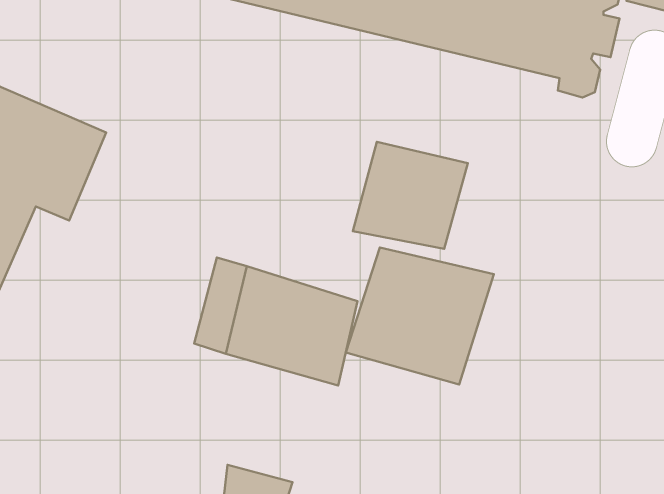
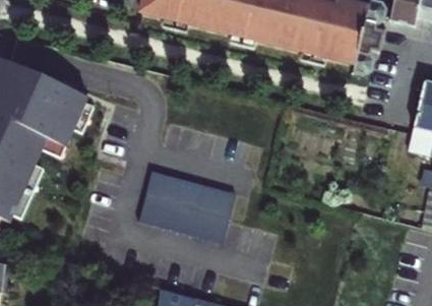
building: [353,142,468,249] -> none
building: [346,247,494,384] -> none

